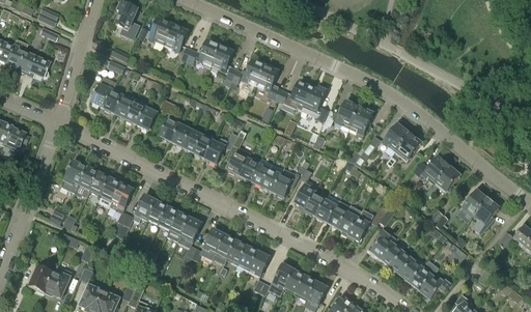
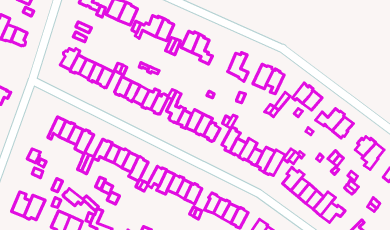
building: [277,80,311,106] -> none
building: [60,160,87,193] -> none
building: none -> [63,188,98,211]

